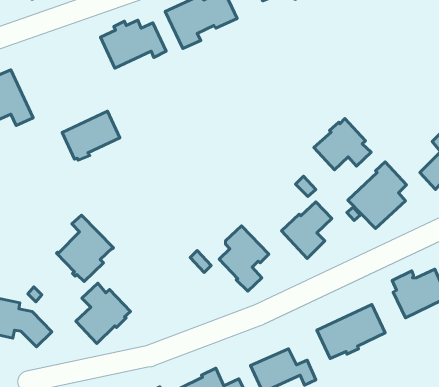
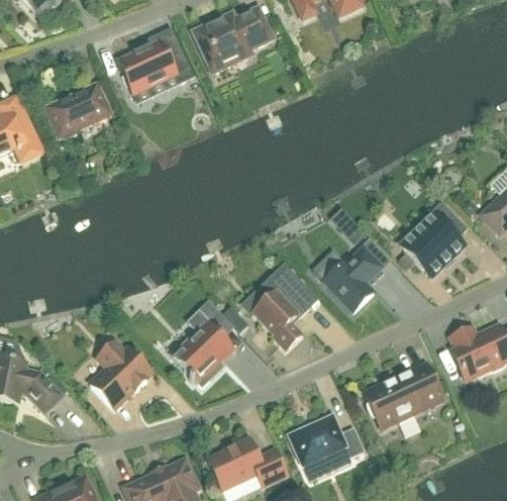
building: [62,111,120,160] -> [45,82,111,137]
building: [314,118,371,170] -> none
building: [57,215,113,282] -> [171,310,235,386]

